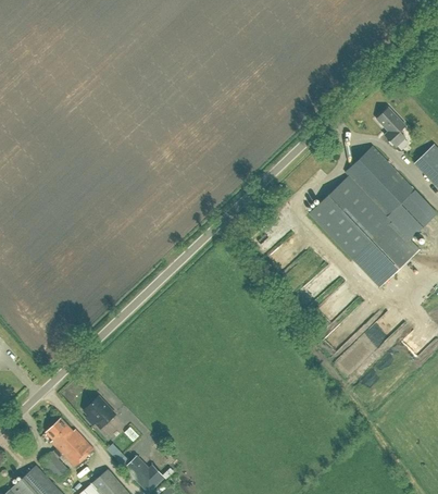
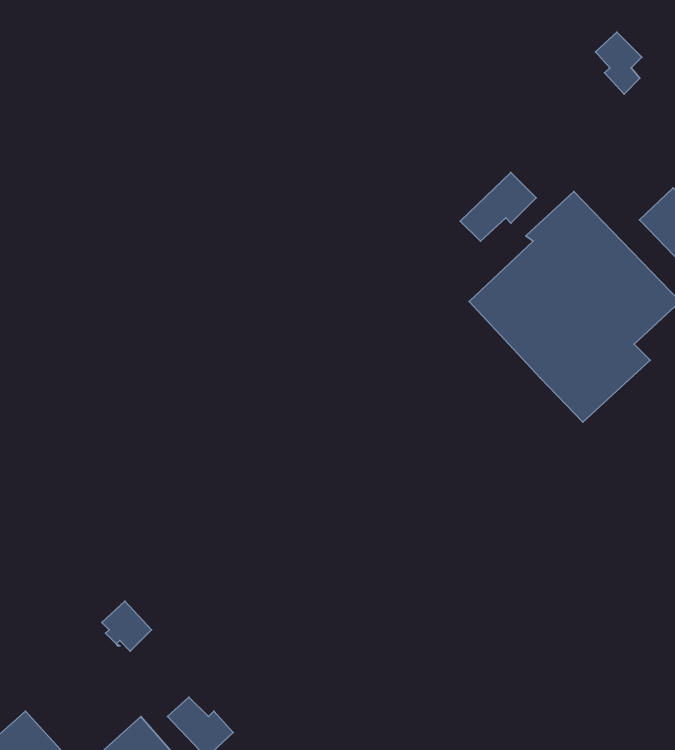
building: [378,110,406,148] -> [596,32,642,94]
building: none -> [460,172,536,241]
building: [41,418,95,481] -> none

